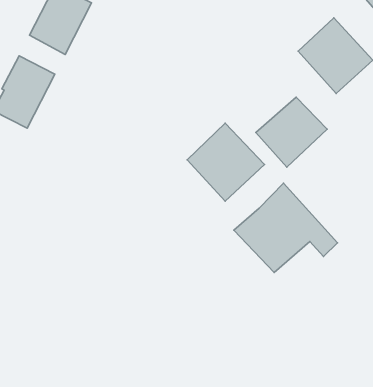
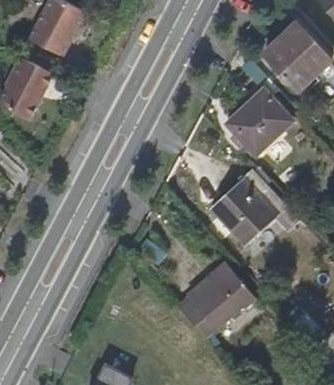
building: [187,123,265,201] -> none
building: none -> [184,272,253,339]

